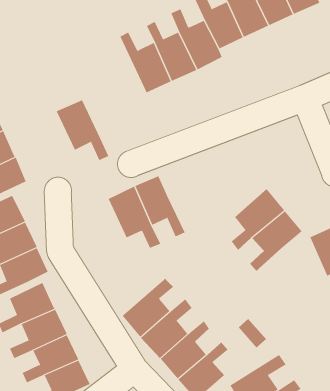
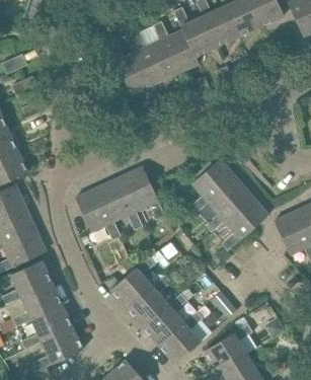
building: [56,99,109,161] -> [75,187,122,241]
building: none -> [189,159,237,215]

